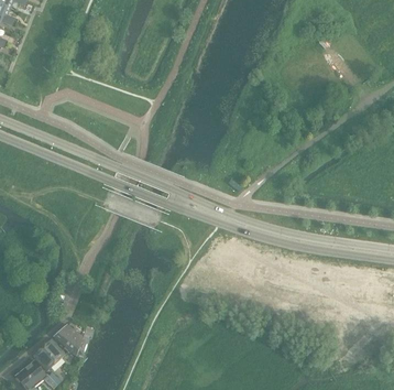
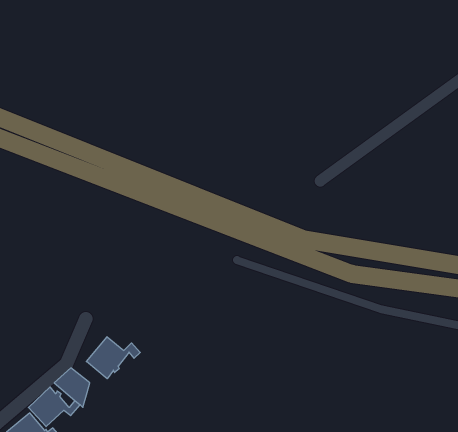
building: none -> [86,337,140,379]

